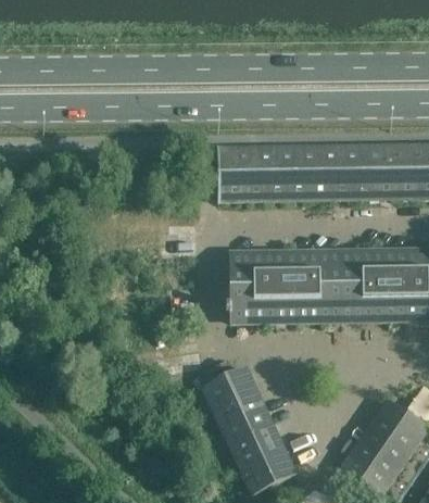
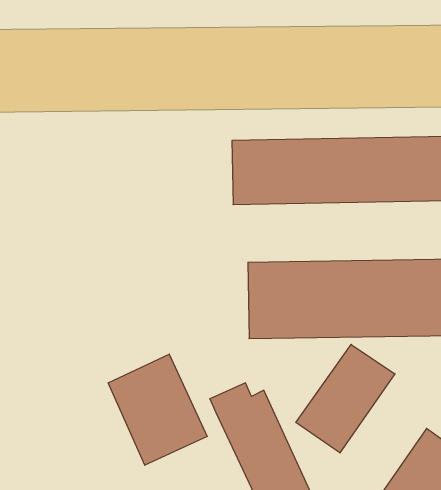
building: none -> [296,344,395,453]
building: none -> [108,354,207,465]

